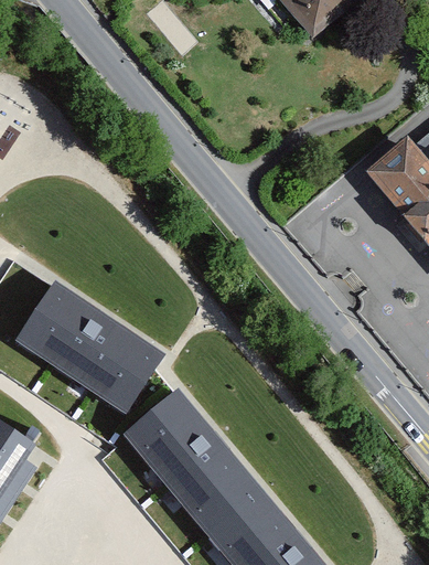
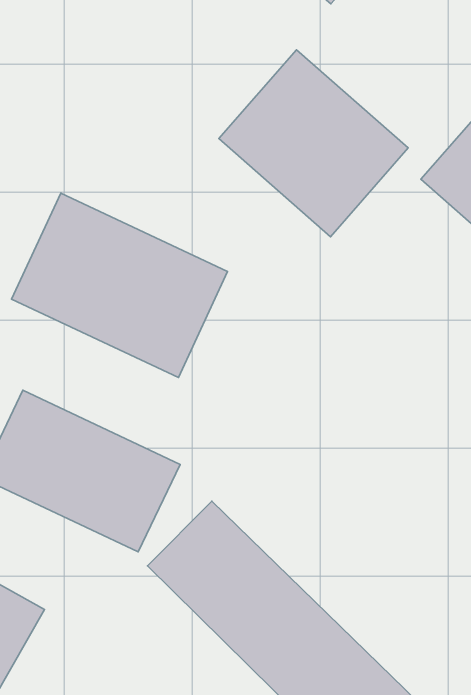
building: none -> [219,50,408,237]
building: none -> [12,193,228,378]

